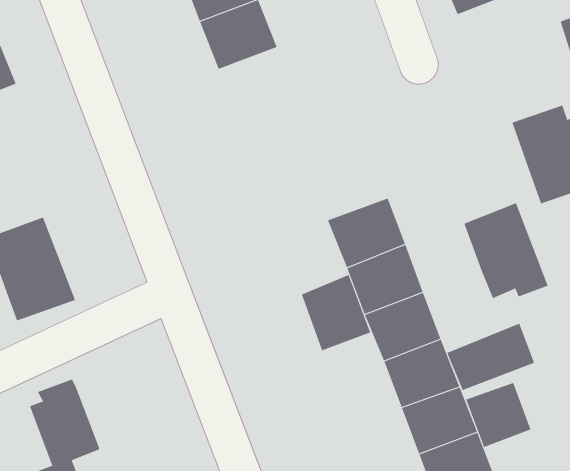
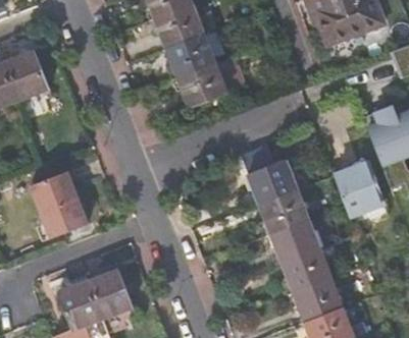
building: none -> [177,64,226,109]
building: [301,274,371,351] -> none
building: [447,323,535,391] -> none
building: none -> [88,269,133,319]
building: [466,382,531,448] -> none

